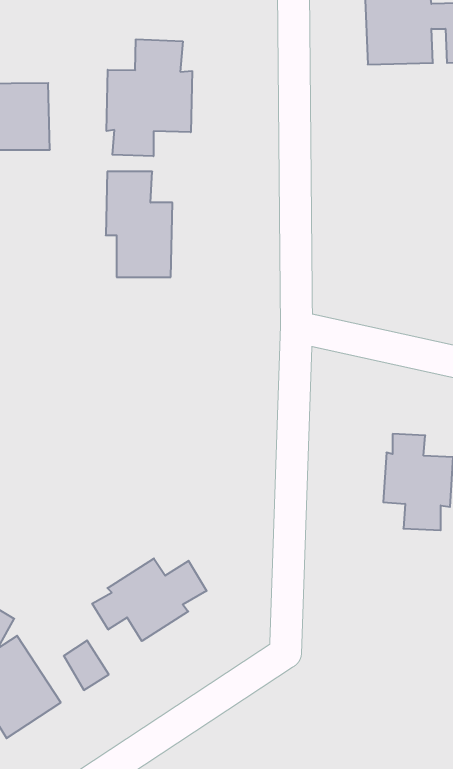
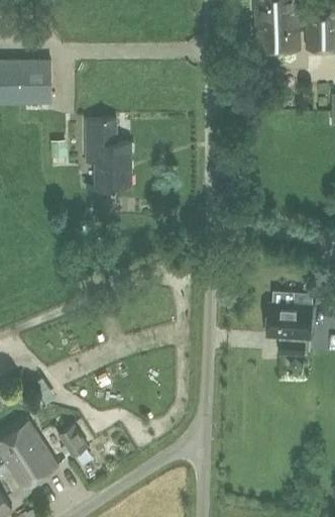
building: [107,39,192,156] -> none
building: [92,558,207,641] -> none

